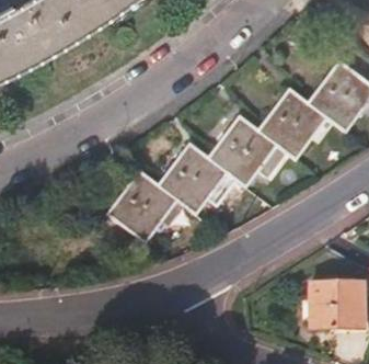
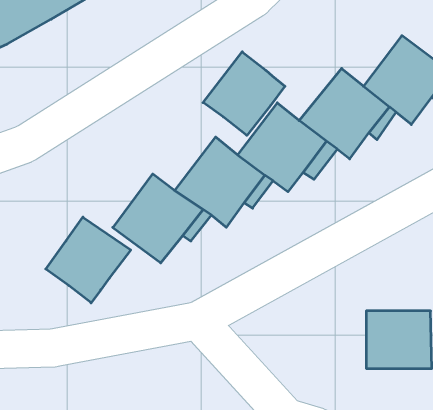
building: none -> [203,52,285,135]
building: none -> [46,217,131,303]

